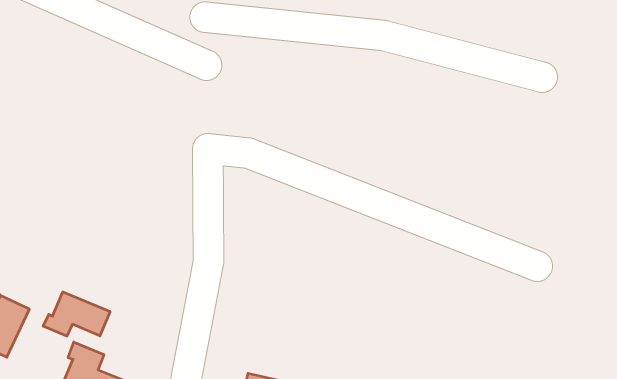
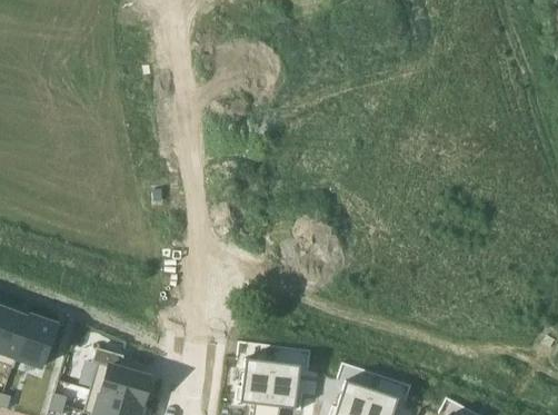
building: [43,292,110,336] -> none

